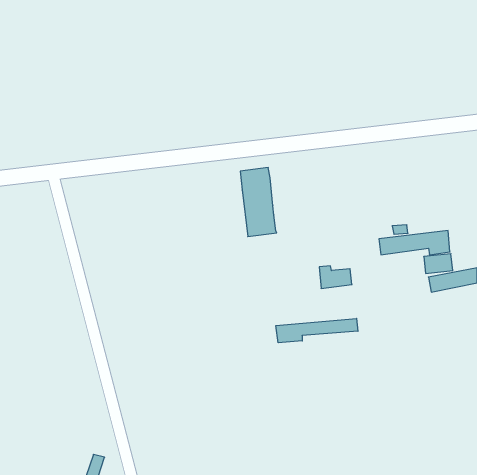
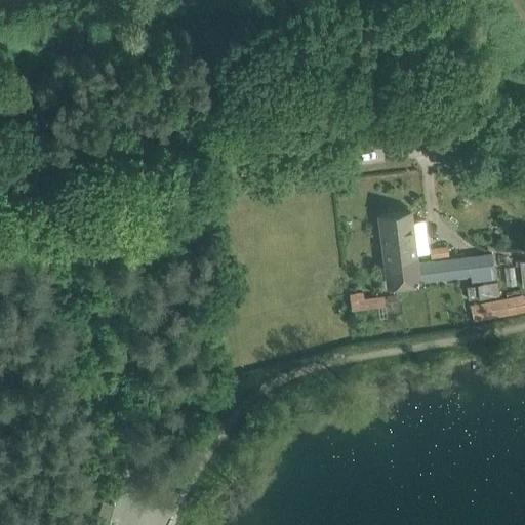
building: [240,168,277,237] -> [379,212,419,288]
building: [276,318,358,343] -> none

